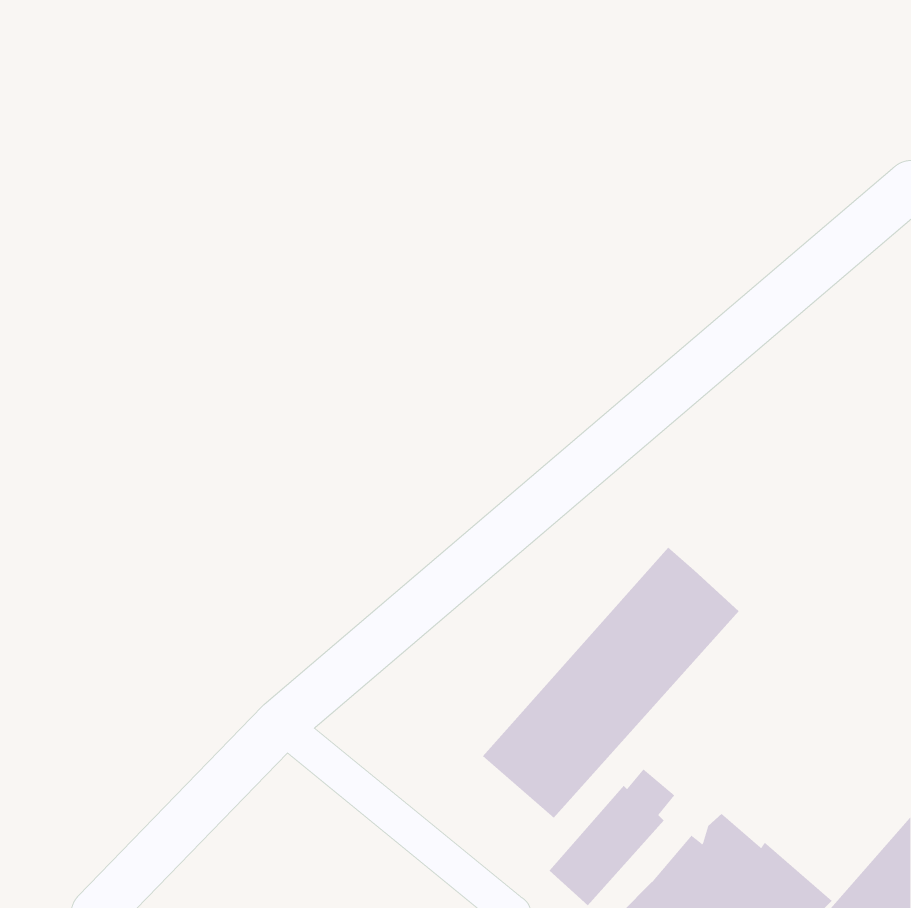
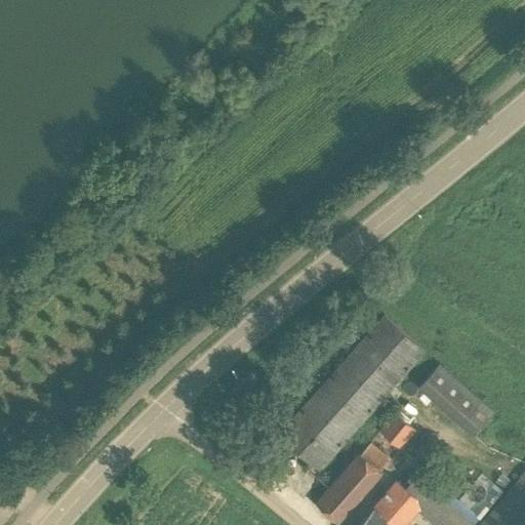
building: none -> [417,364,493,437]
building: none -> [378,413,415,450]

